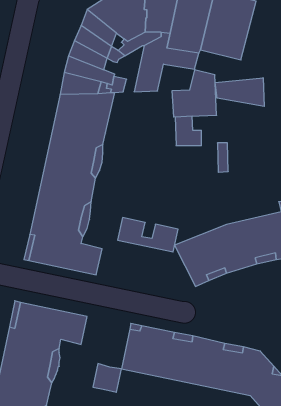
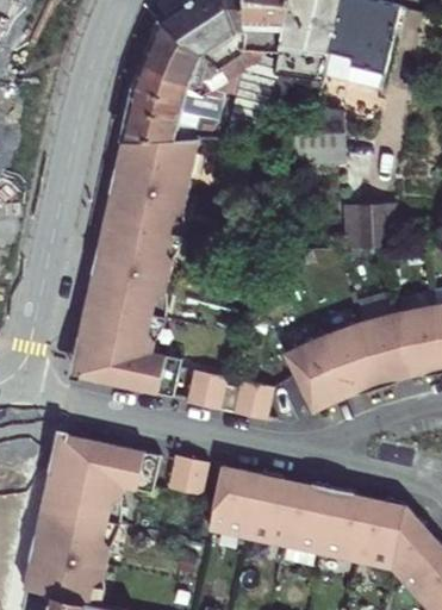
building: [215,78,264,106] -> none
building: [175,116,201,146] -> [357,206,394,248]
building: [118,218,178,252] -> [186,369,272,418]
building: [93,364,121,392] -> [167,453,207,493]

